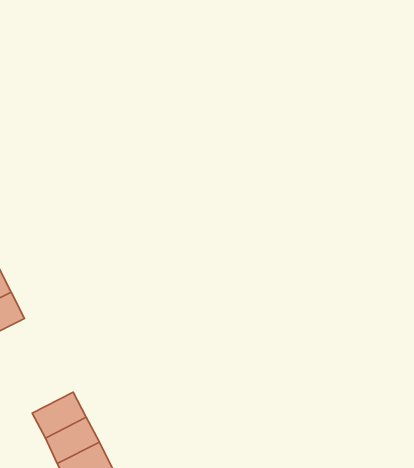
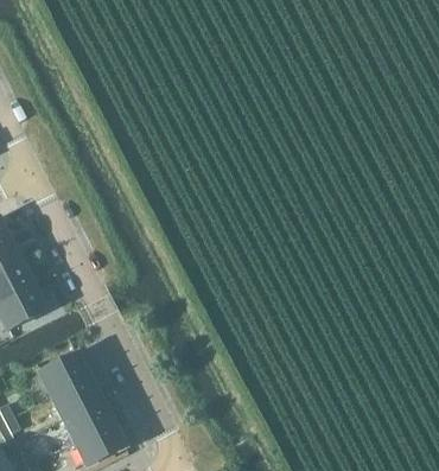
building: none -> [38,352,88,395]

